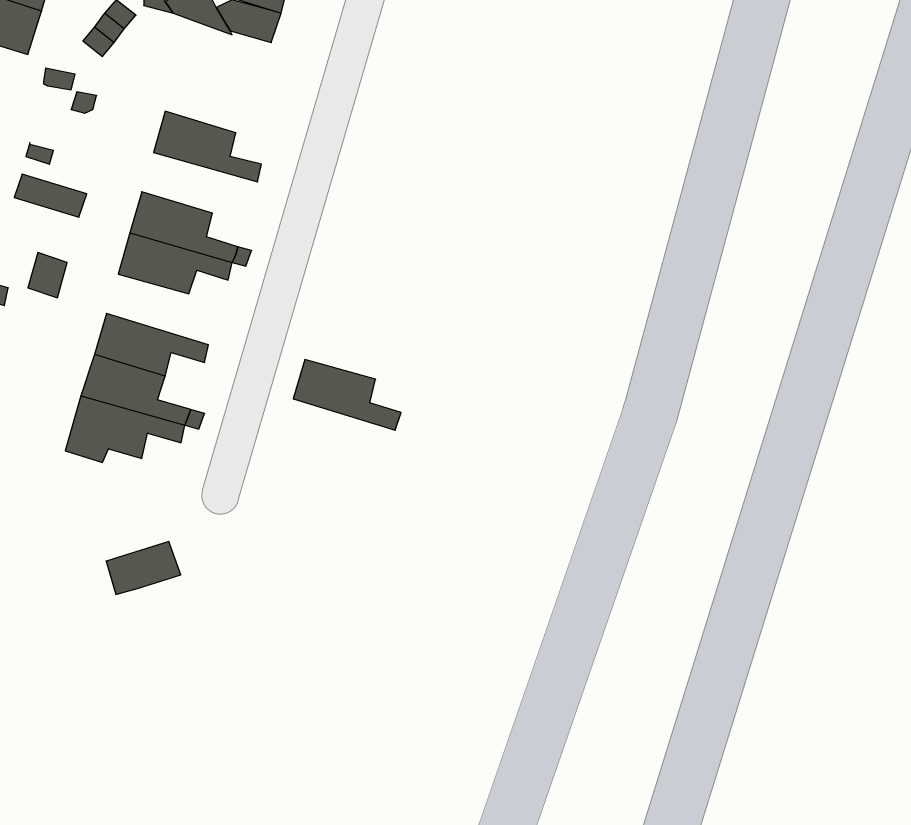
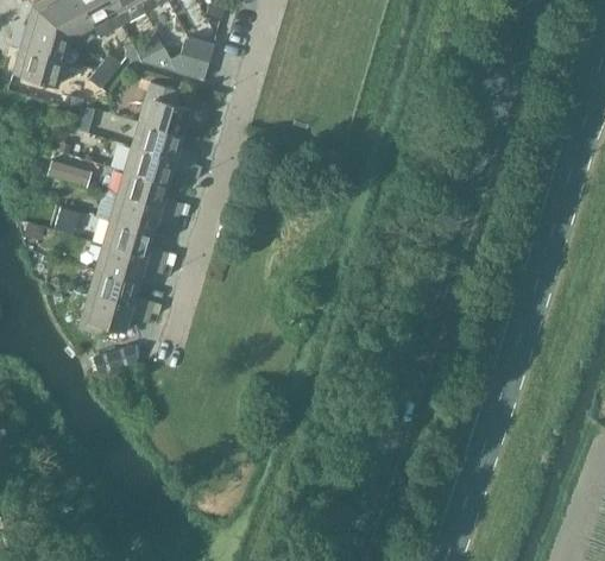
building: none -> [138,82,189,134]
building: none -> [124,146,194,183]
building: [293,360,401,430] -> [102,220,168,263]
building: [106,542,181,594] -> [93,345,138,377]

